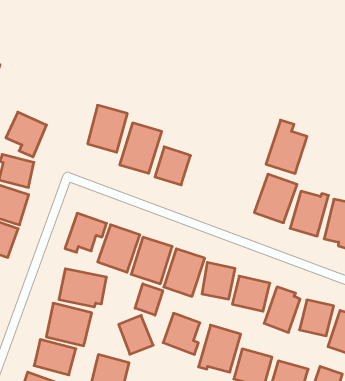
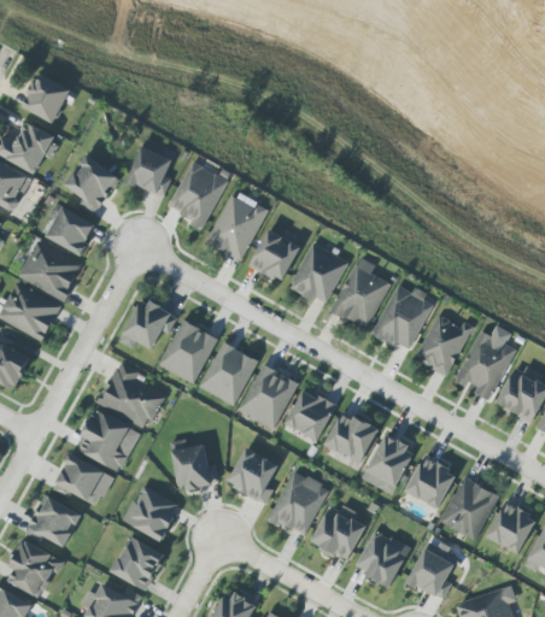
building: none -> [125,146,172,196]
building: [266,120,307,173] -> [330,257,389,329]
building: none -> [289,242,348,305]
building: [135,284,163,315] -> none

